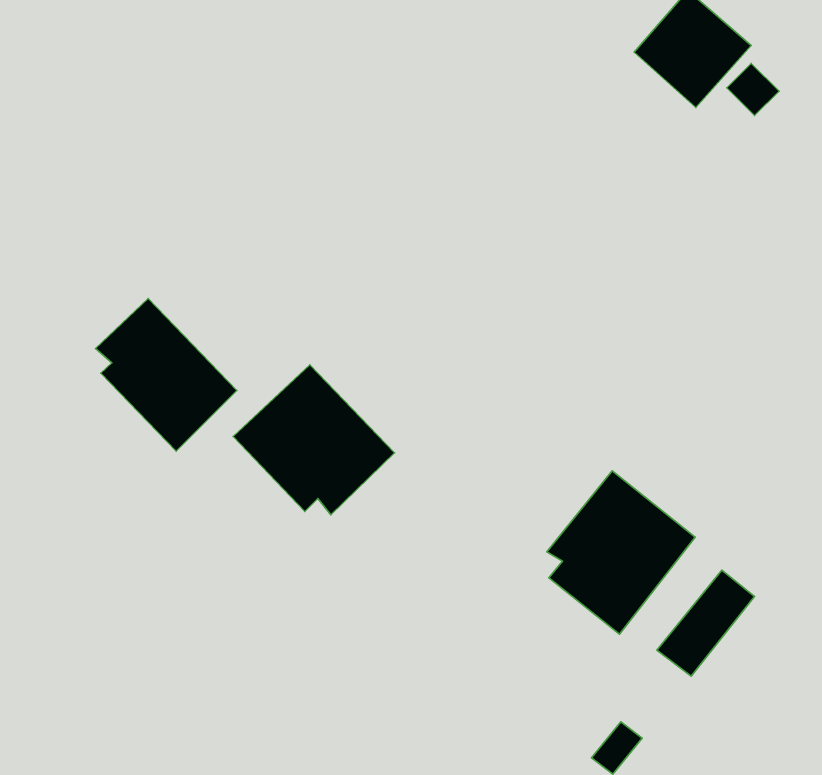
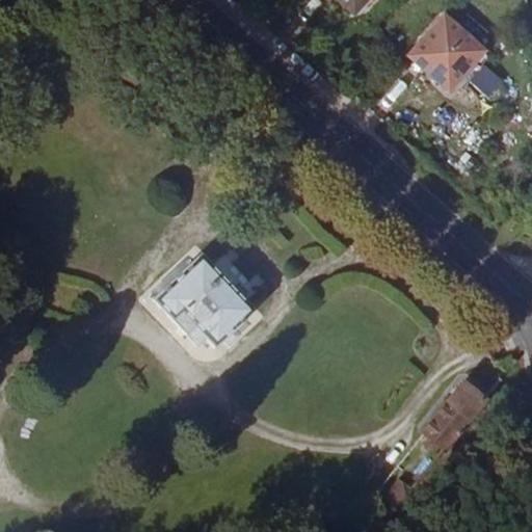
building: [96,299,237,451] -> none
building: [547,471,695,634] -> none

